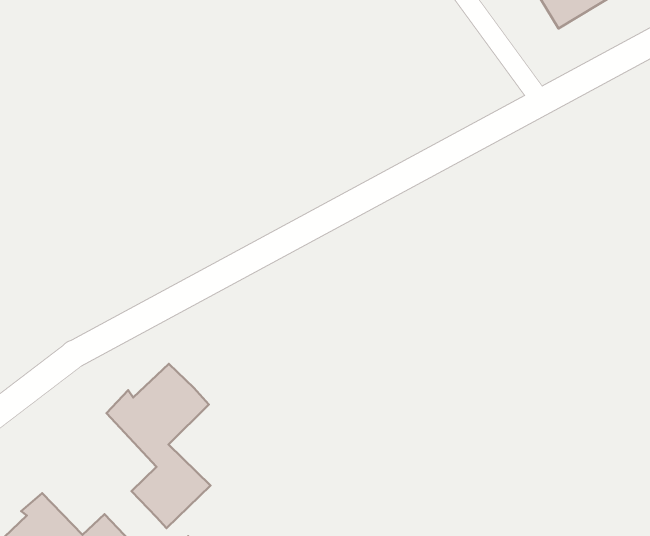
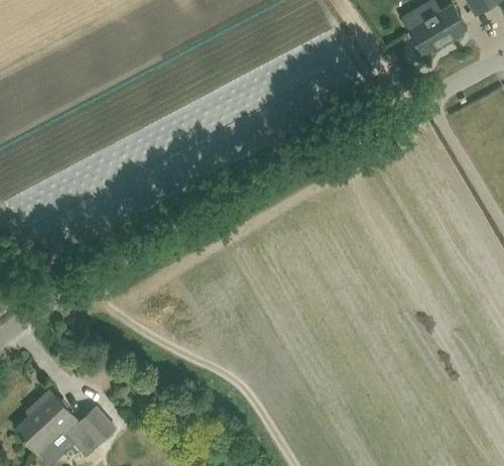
building: [106,364,210,528] -> none

